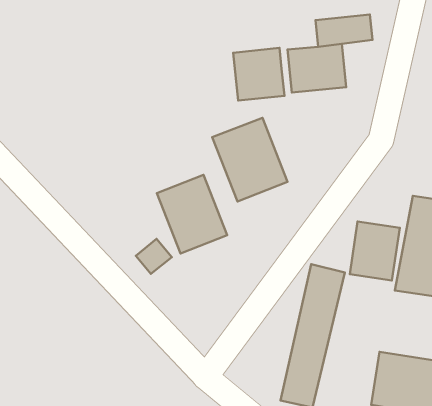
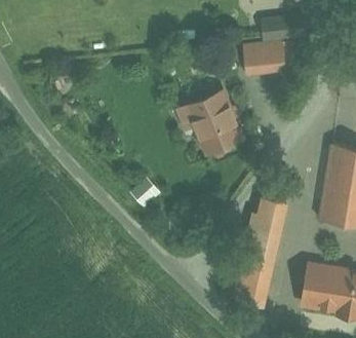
building: [233,48,285,101] -> none
building: [157,175,227,254] -> none
building: [350,221,400,280] -> none

